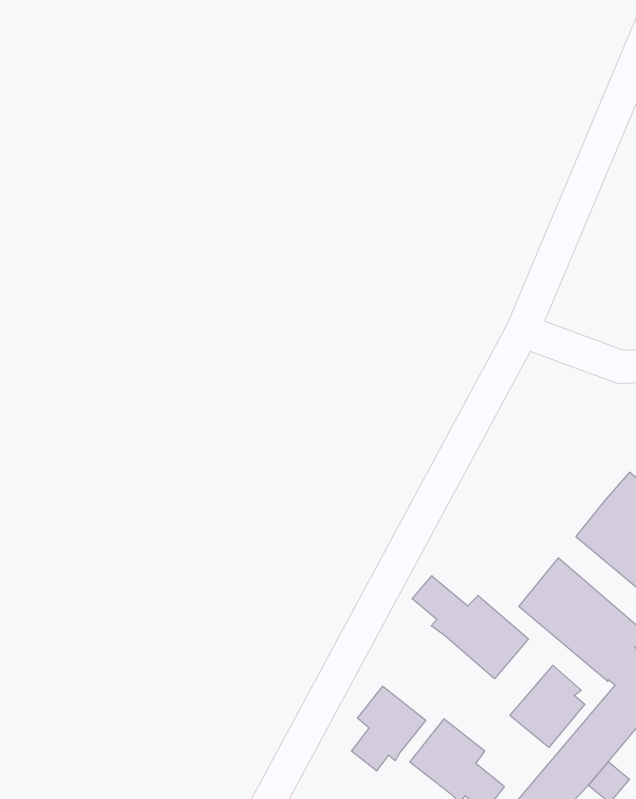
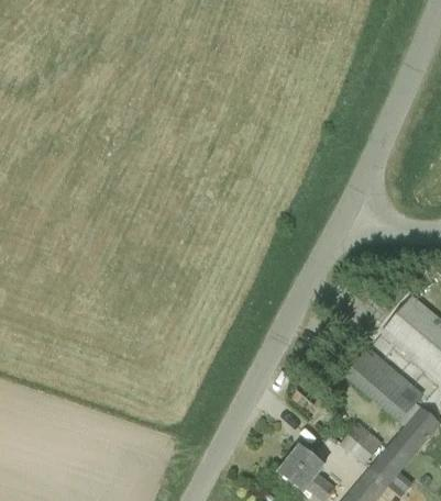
building: [412,576,529,679] -> none
building: [352,686,426,771] -> none

